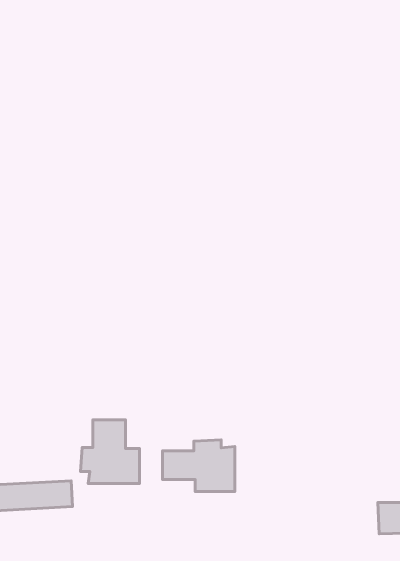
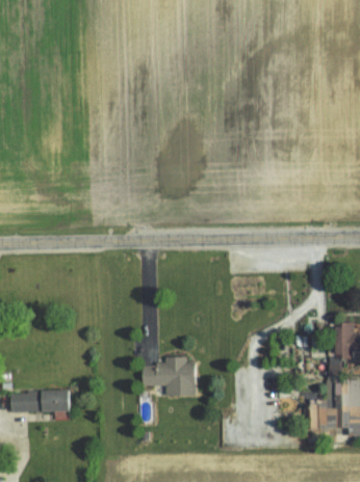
building: [81,420,139,483] -> none

